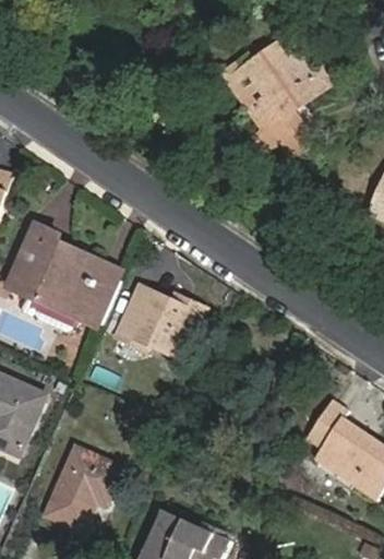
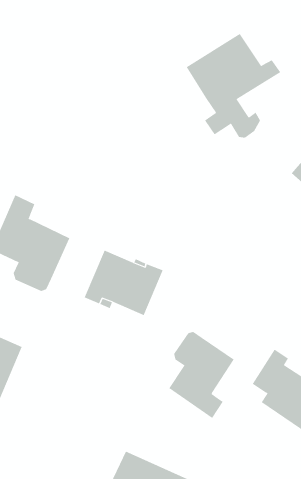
building: [53,240,119,323] -> none
building: none -> [169,331,235,419]
building: [48,448,123,532] -> none

